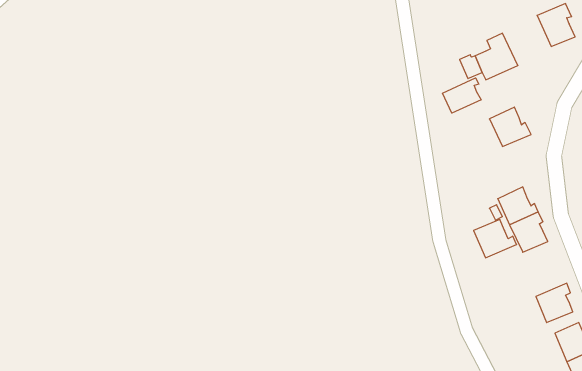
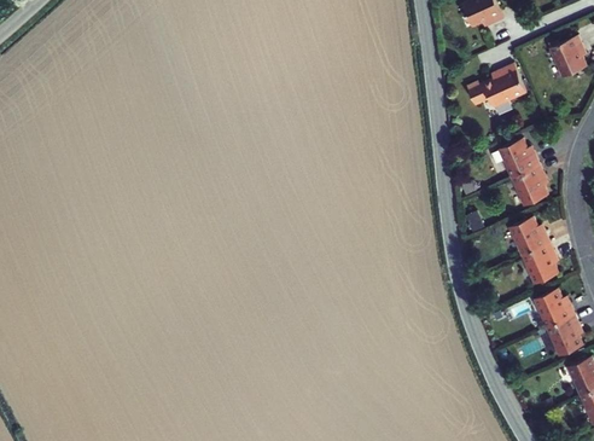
building: [442,78,481,113] -> none
building: none -> [512,166,548,204]
building: [474,220,517,258] -> [534,291,577,330]

